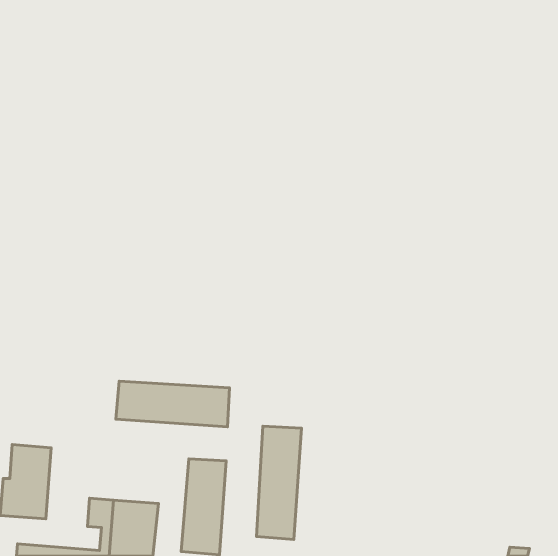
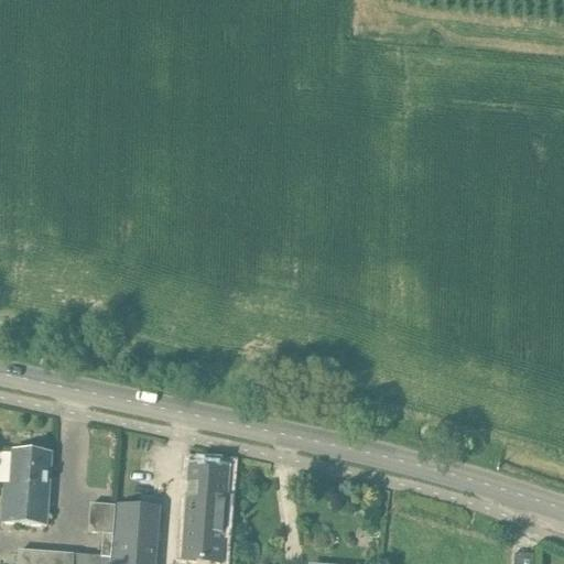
building: [116,381,230,427] -> none
building: [256,426,302,540] -> none

